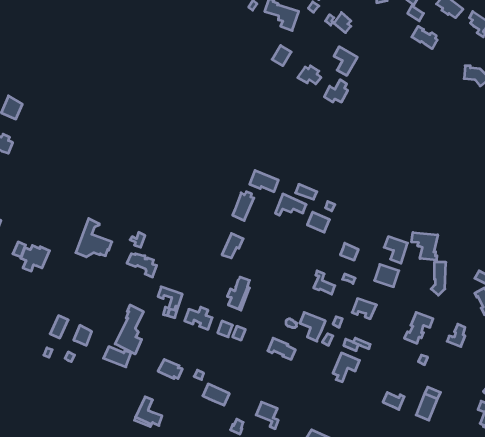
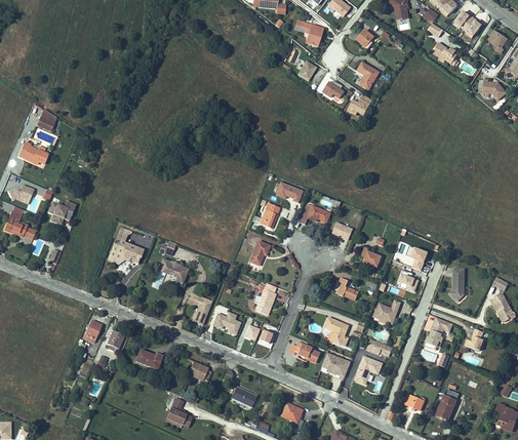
building: [412,232,438,260] -> none
building: [21,245,50,271] -> [48,199,76,224]
building: [115,305,143,354] -> none
building: none -> [322,352,351,374]

